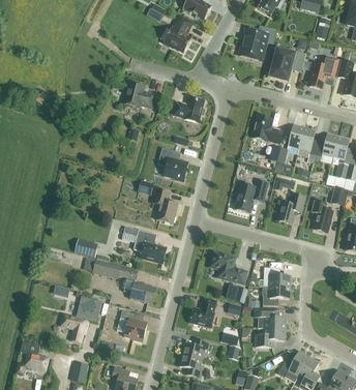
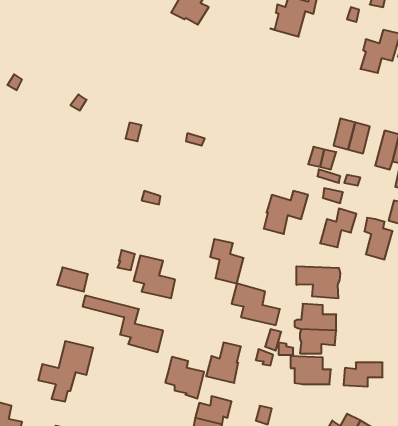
building: [269,50,305,81] -> none
building: [123,82,155,109] -> none
building: [172,97,204,122] -> none
building: [251,115,283,144] -> none
building: [157,148,188,182] -> none
building: [152,189,178,223] -> [210,239,244,284]
building: none -> [296,266,340,298]
building: [117,310,147,342] -> [165,357,204,399]
building: [255,329,285,348] -> [344,363,383,387]

